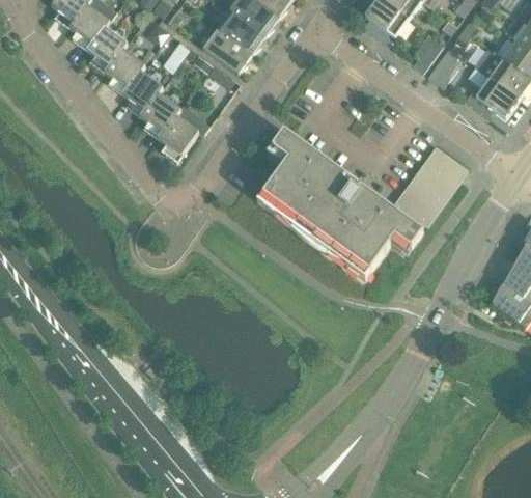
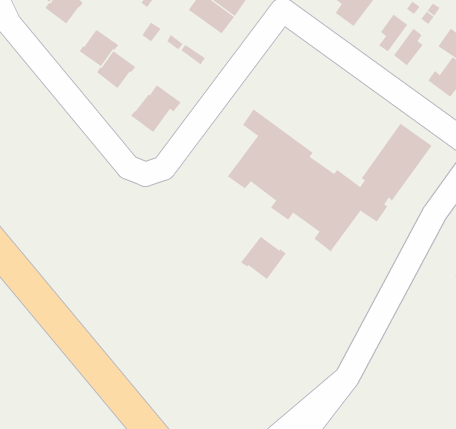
building: [87,26,128,65] -> none
building: [203,28,252,73] -> none
building: [140,92,181,132] -> none
building: none -> [240,236,287,280]

